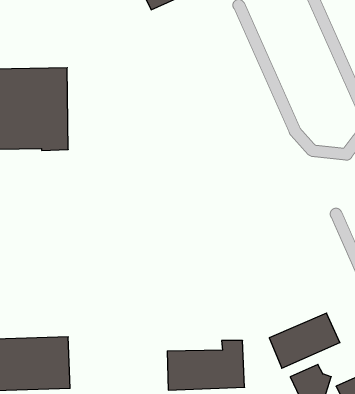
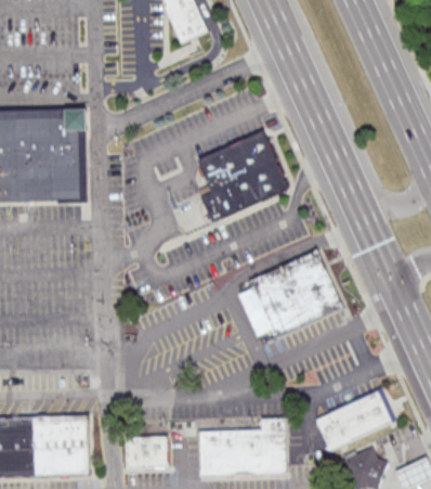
building: none -> [195,131,287,223]
building: none -> [237,249,344,338]
building: none -> [123,437,167,468]

